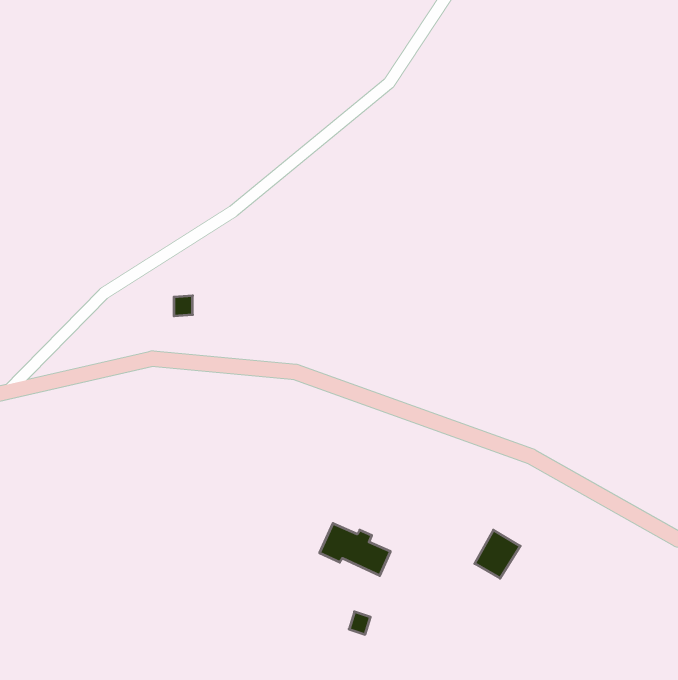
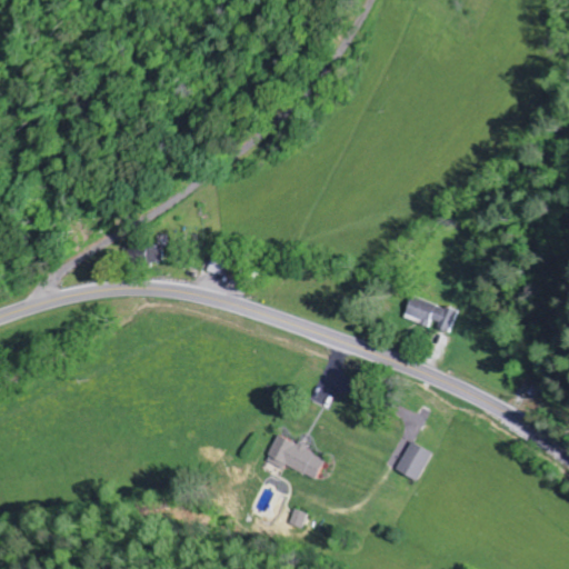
building: none -> [403,293,456,331]

